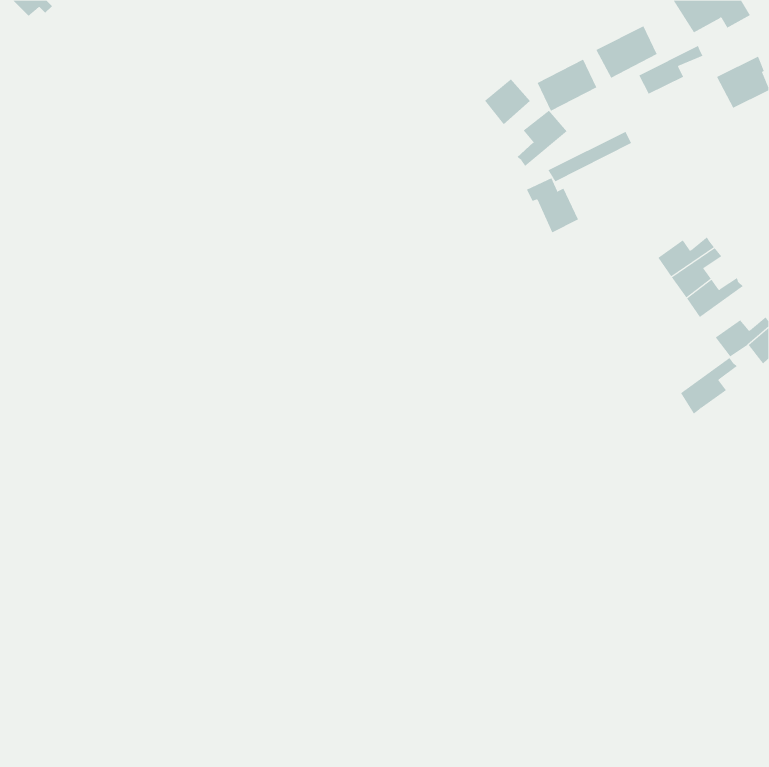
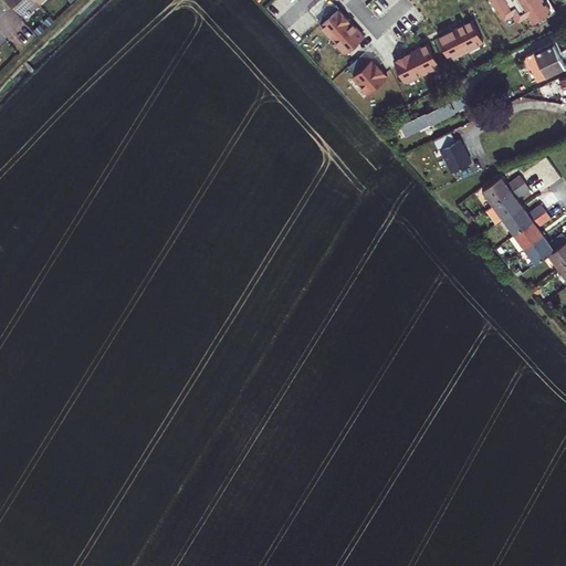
building: none -> [321,10,364,55]
building: [639,45,703,95] -> none
building: [516,110,568,167] -> none
building: [526,177,579,233] -> [432,133,471,174]
building: [680,357,737,414] -> [509,212,551,254]

